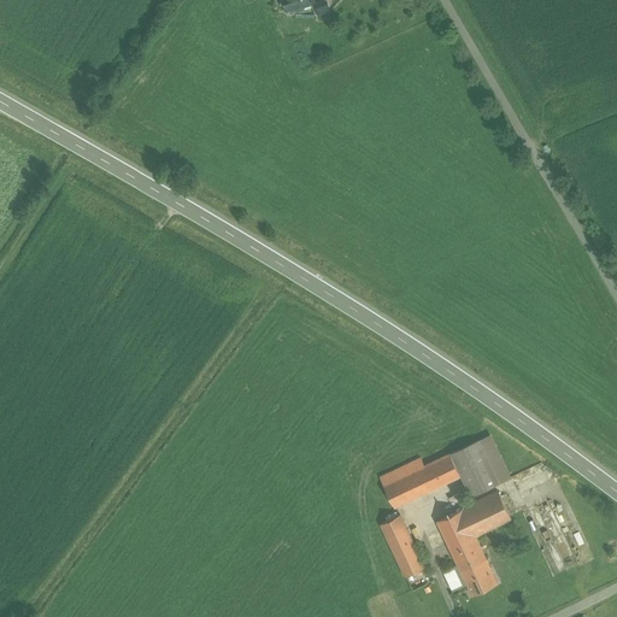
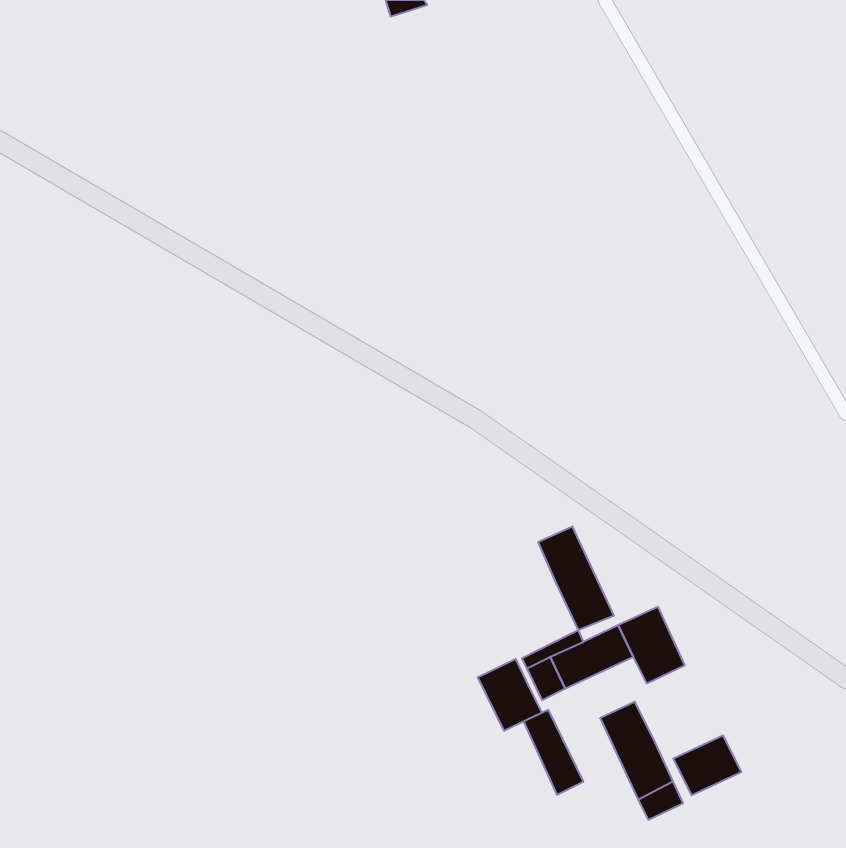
building: none -> [538,526,614,630]
building: none -> [478,659,542,731]
building: [460,493,510,536] -> [673,735,741,795]

